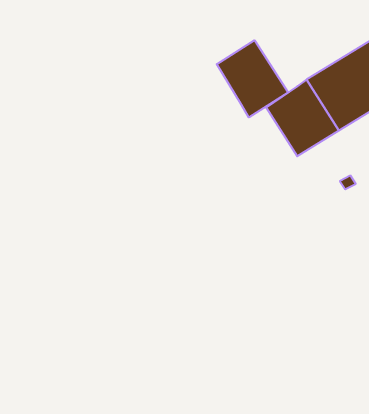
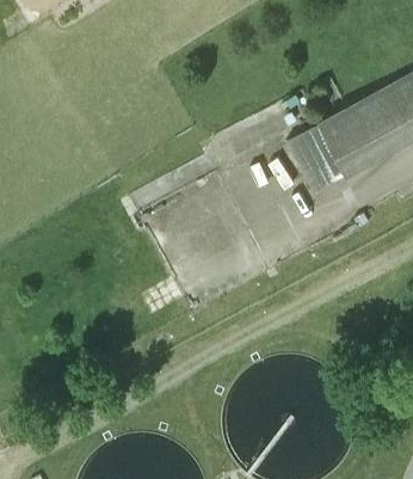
building: [217,40,288,117] -> none

